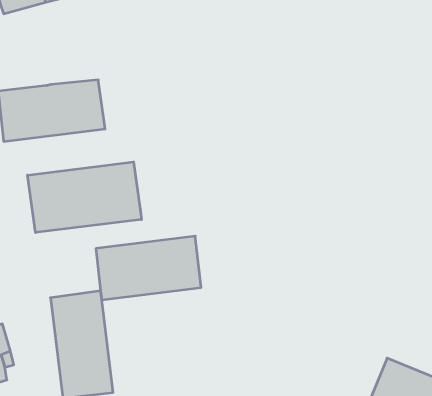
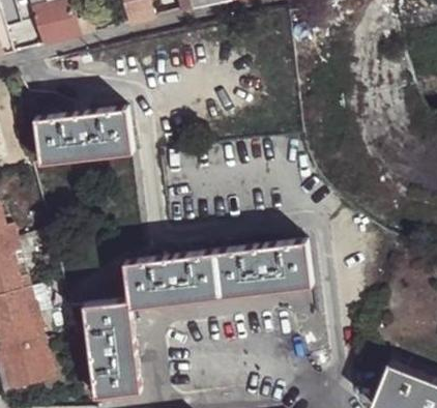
building: [28,162,141,233] -> none
building: none -> [214,238,311,295]

